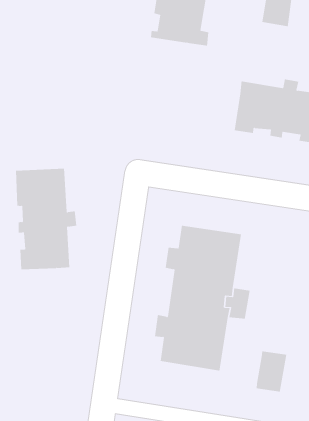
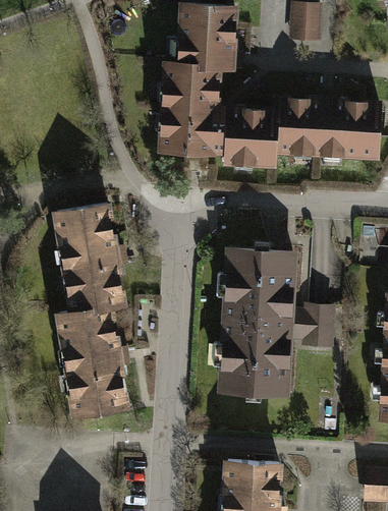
building: none -> [161,64,275,164]
building: none -> [58,307,127,415]
building: [256,351,287,392] -> [303,306,332,346]

